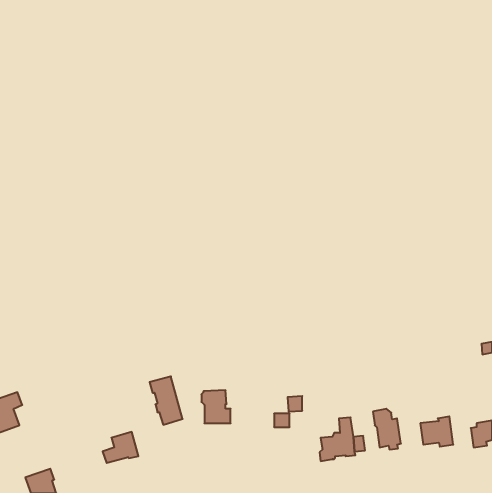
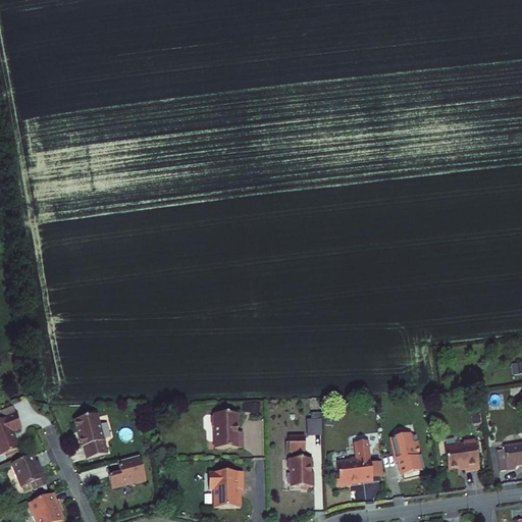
building: [150,376,183,425] -> [72,408,107,459]
building: none -> [13,455,47,488]
building: none -> [289,457,313,487]
building: none -> [209,470,244,506]

